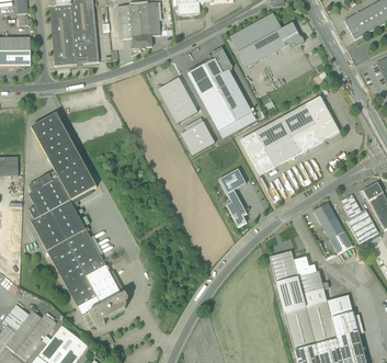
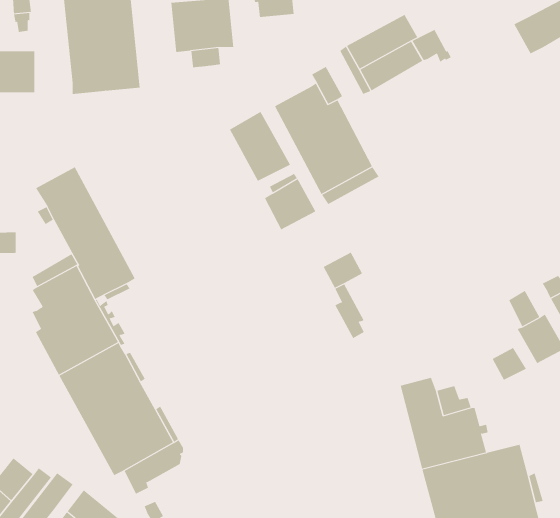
building: [240,95,340,174] -> none
building: [314,202,344,239] -> none

